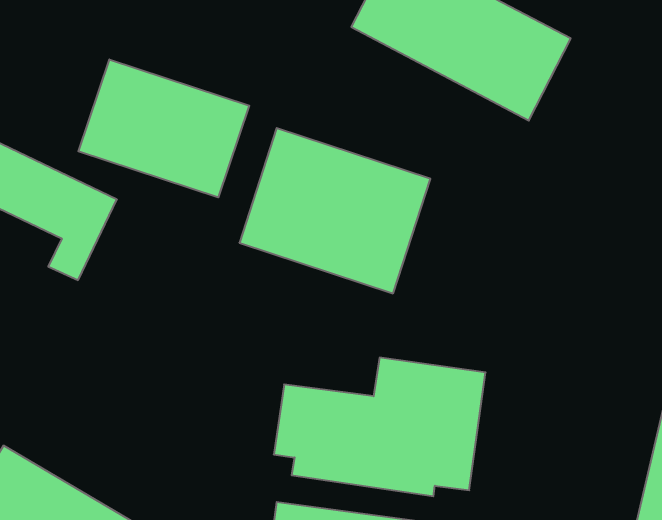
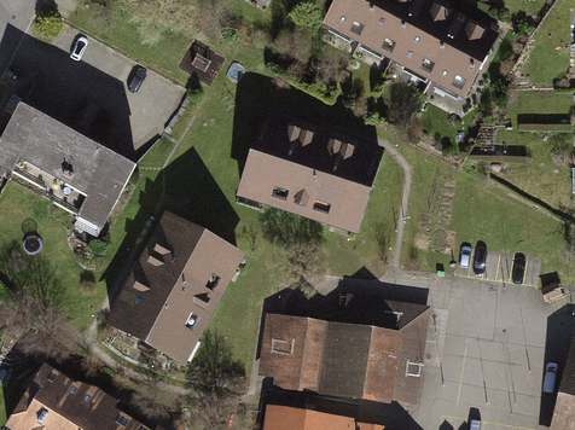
building: [78,59,249,197] -> none
building: none -> [104,210,246,366]

